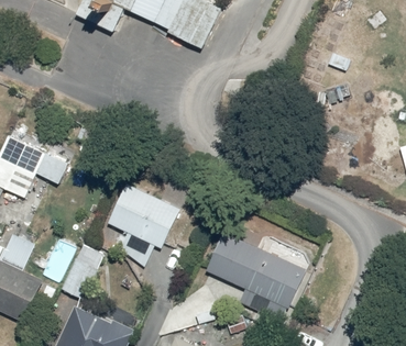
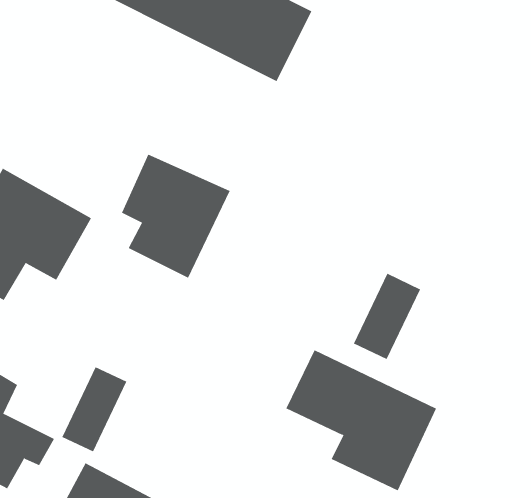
building: none -> [353,273,421,360]
building: [108,183,179,265] -> [121,154,230,278]

